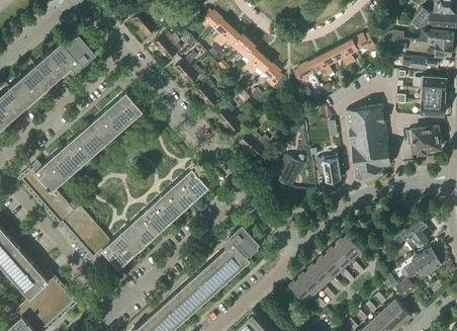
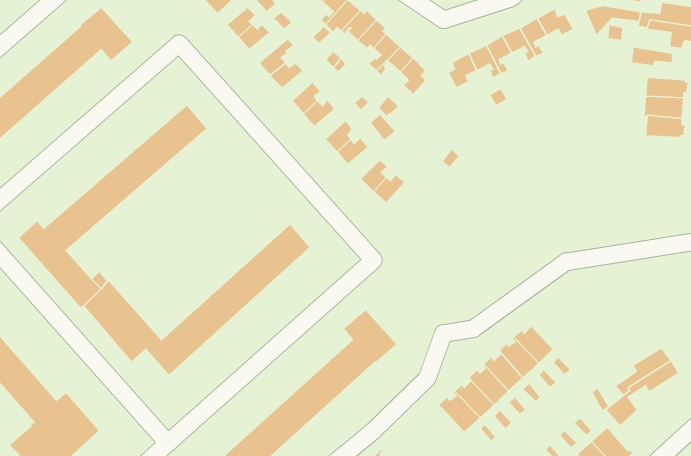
building: [347,106,391,179] -> none
building: [407,128,441,155] -> none
building: [275,156,303,187] -> none
building: [315,158,340,181] -> none
building: [400,219,434,251] -> none

